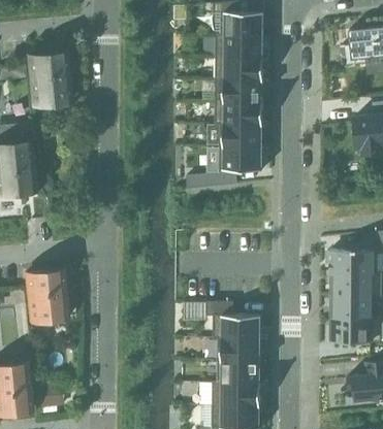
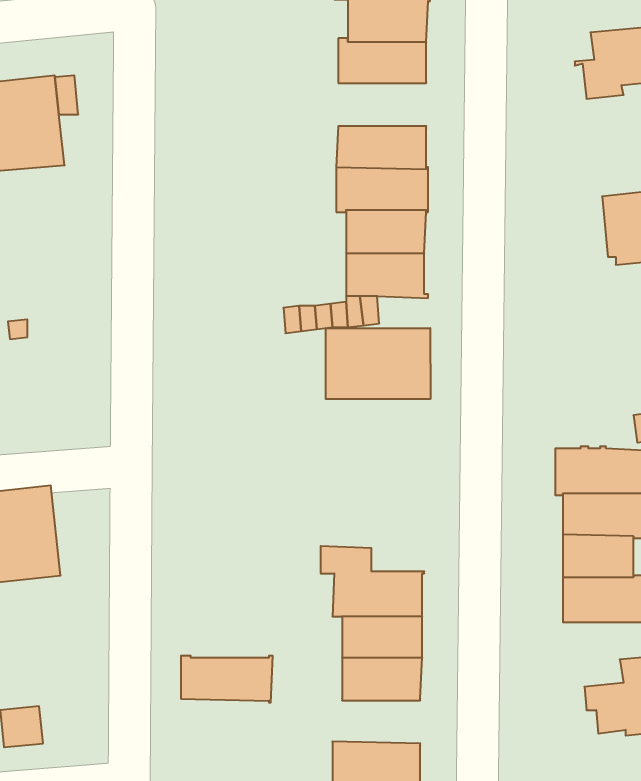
building: [215,57,262,81] -> none
building: none -> [326,328,430,399]
building: [212,383,260,407] -> [181,656,273,703]

